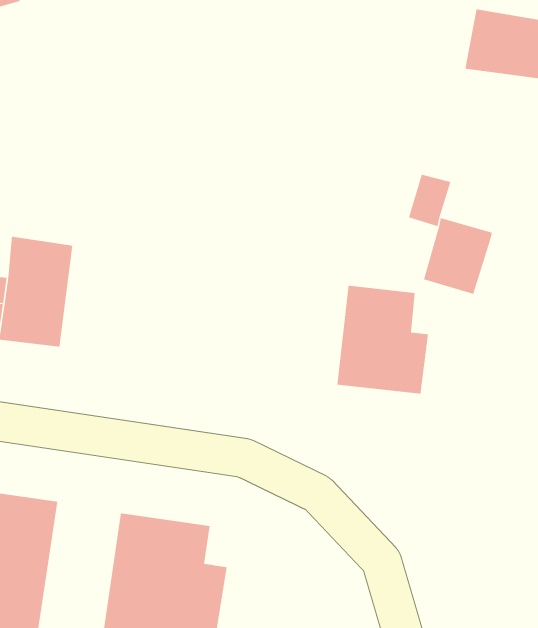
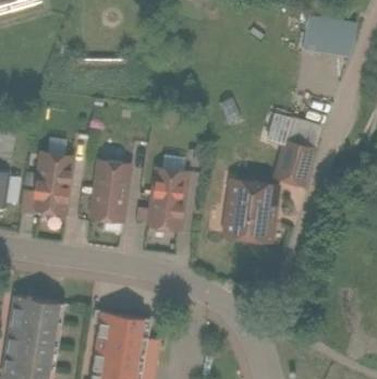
building: none -> [287,115,324,145]
building: none -> [88,156,131,219]
building: none -> [134,163,188,229]

